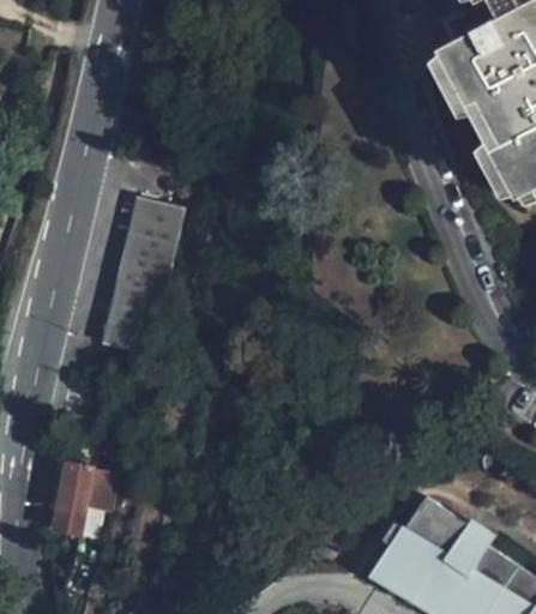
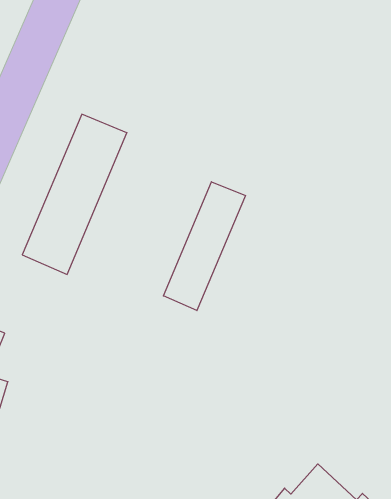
building: none -> [163,182,246,311]

